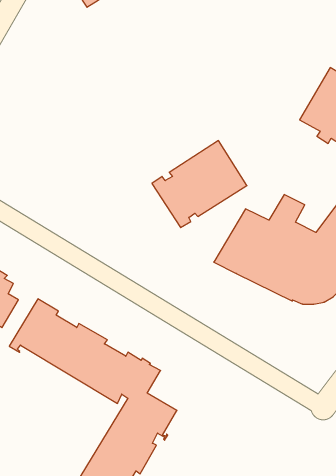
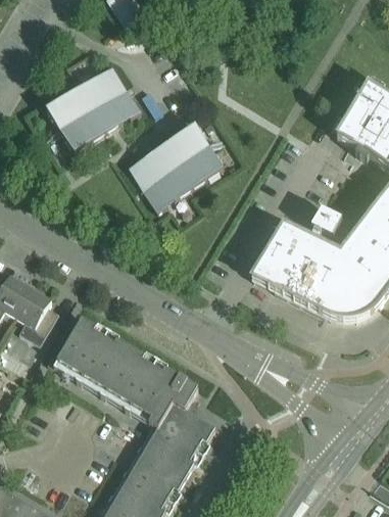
building: none -> [45,65,140,152]
building: [152,141,247,228] -> [128,124,223,210]

